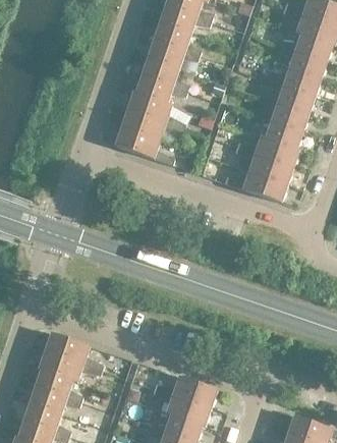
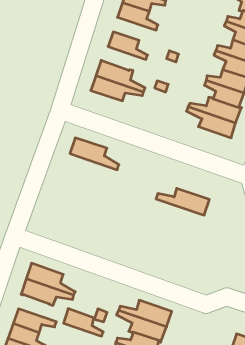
building: [148,41,199,68] -> none
building: [135,75,186,104] -> none
building: [115,127,173,165] -> [70,138,119,170]
building: [224,170,287,202] -> [156,188,209,215]
building: [36,369,82,401] -> [64,309,103,336]

